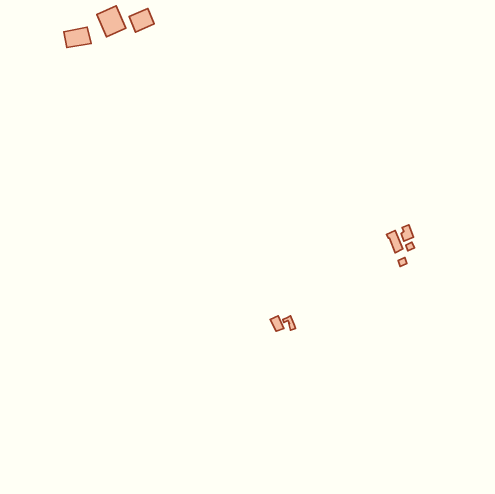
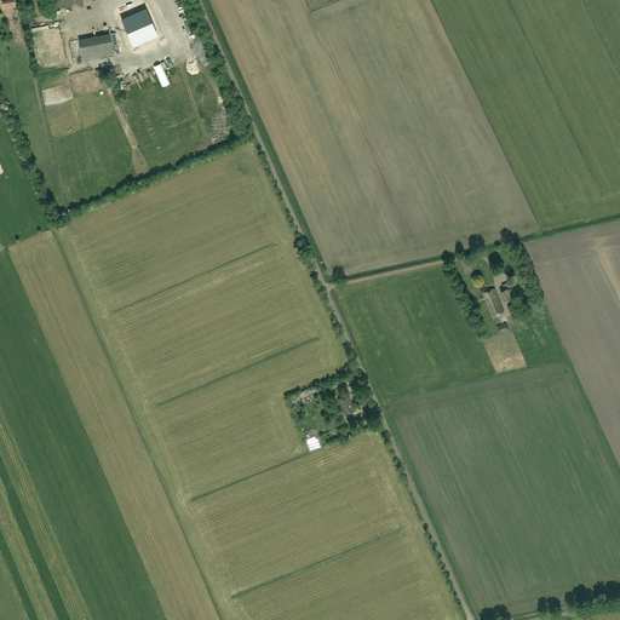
building: [129,8,154,32] -> none

